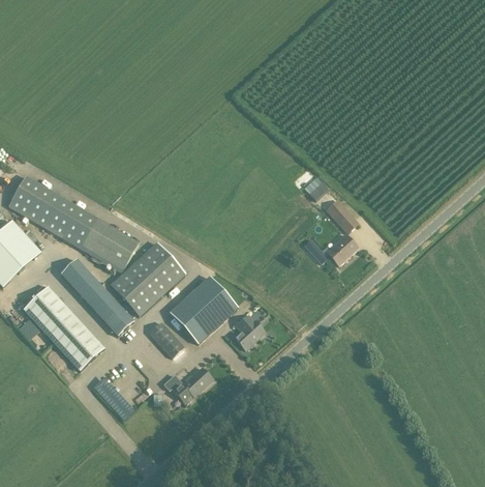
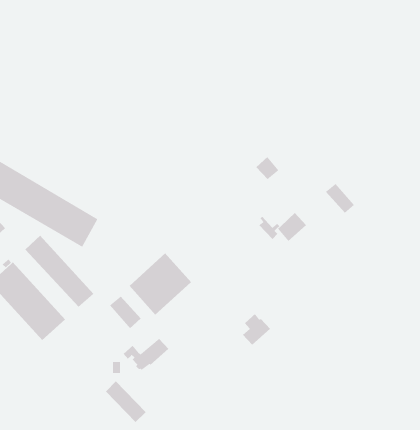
building: [326,200,357,232] -> [325,183,355,214]
building: [110,242,184,315] -> none
building: [234,315,264,349] -> [242,313,271,346]
building: [93,375,137,420] -> [105,381,146,423]

